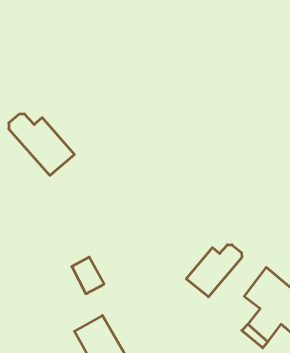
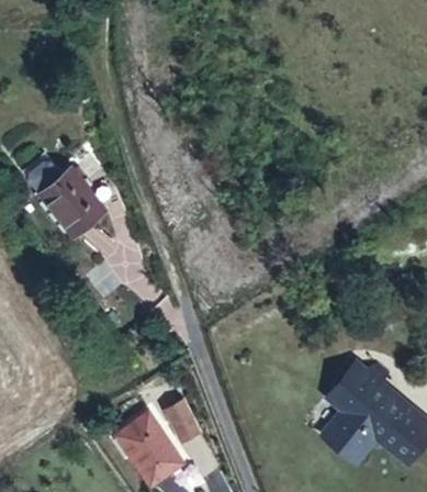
building: [186,245,242,297] -> none
building: [72,257,104,294] -> [160,395,201,441]

